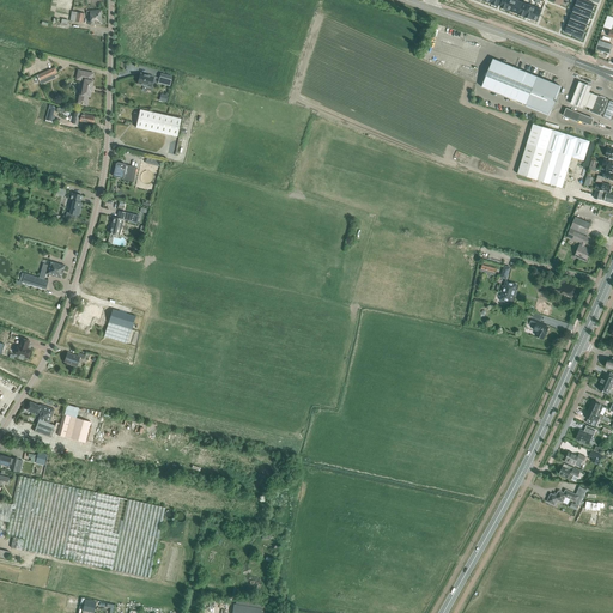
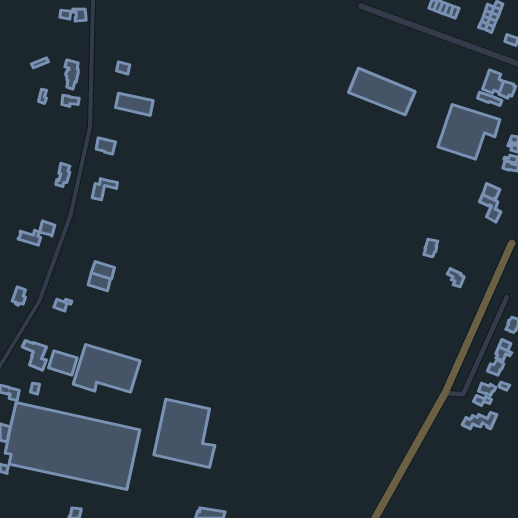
building: [481,59,560,114] -> [348,68,415,115]
building: none -> [73,344,140,392]
building: none -> [154,399,215,467]

